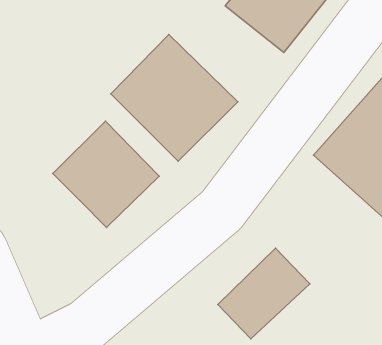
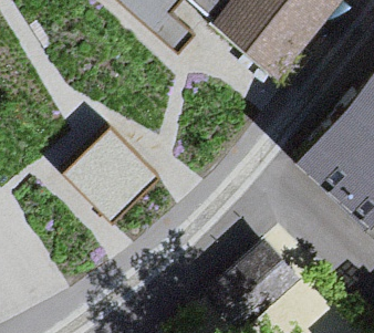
building: [111,34,238,161] -> none

